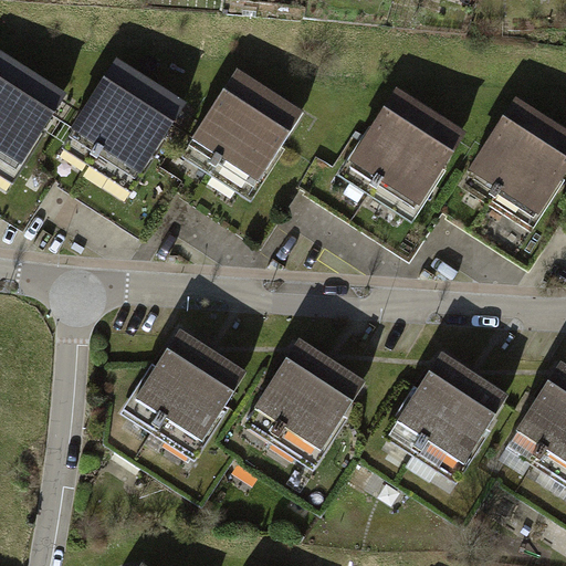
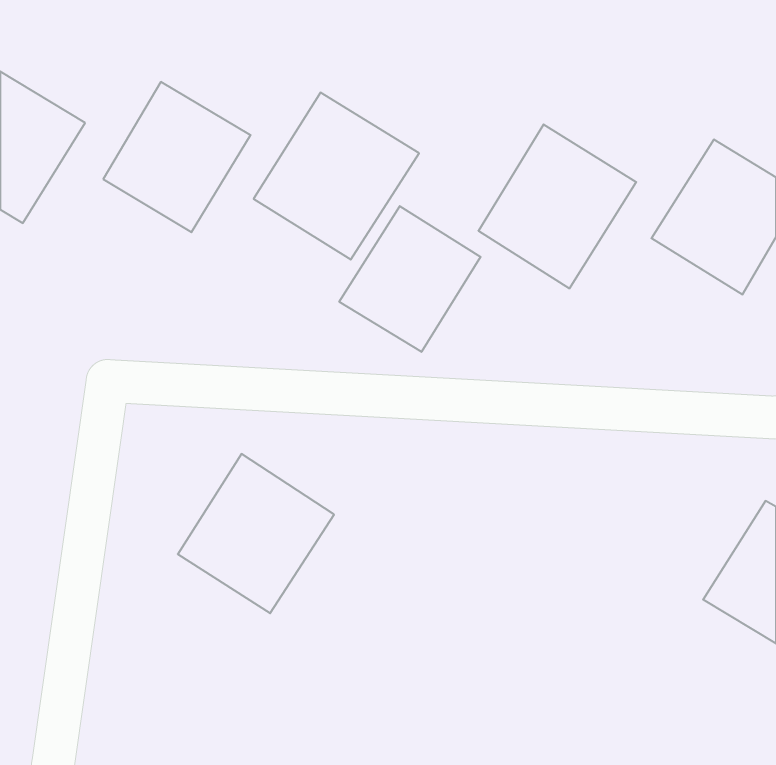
building: none -> [339,206,481,352]
building: [251,342,363,453] -> none
building: [394,355,503,463] -> none

